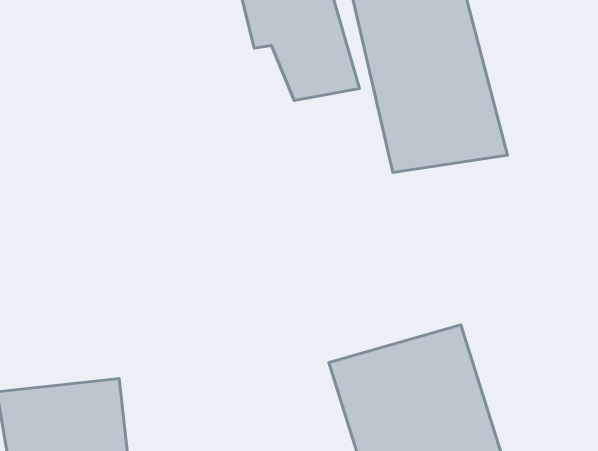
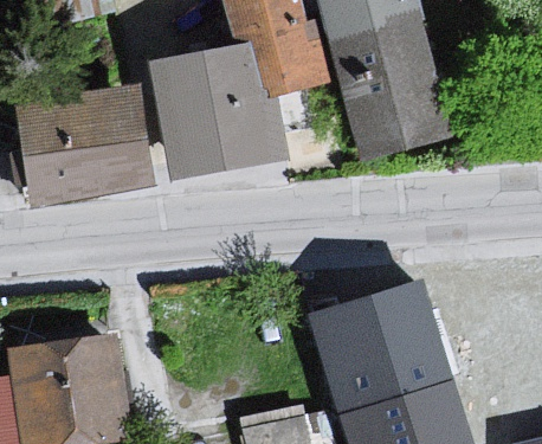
building: none -> [151,41,297,176]
building: none -> [18,79,166,197]

